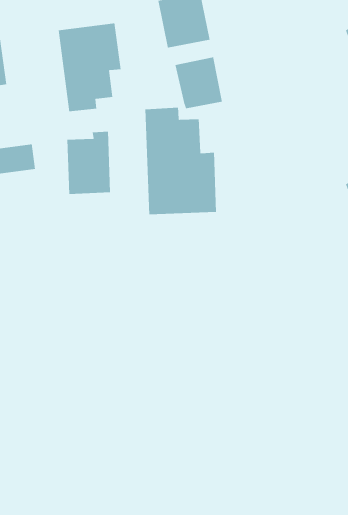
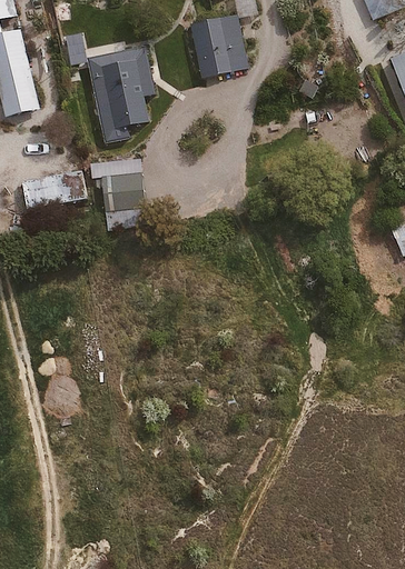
building: [175,57,223,109] -> none
building: [145,107,217,215] -> none

